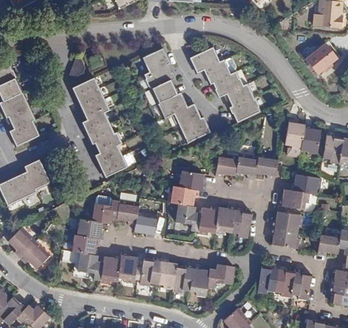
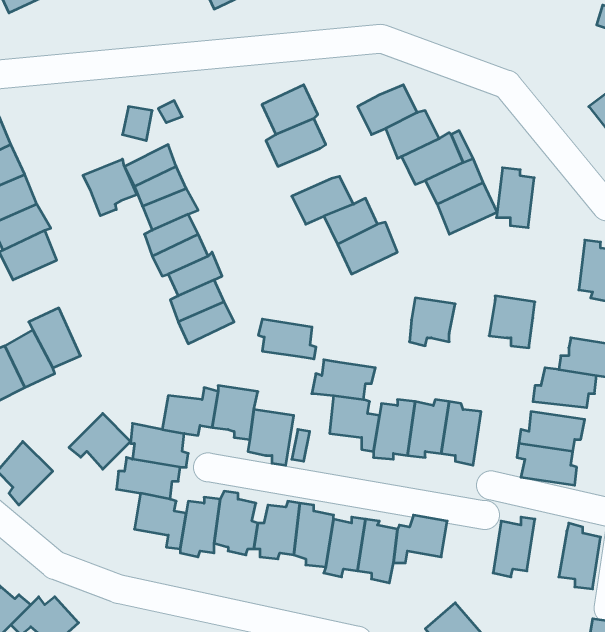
building: [149,79,176,103] -> none
building: none -> [83,159,137,216]
building: [284,120,303,150] -> [496,168,534,228]
building: [235,152,258,179] -> none
building: [176,170,205,190] -> [258,319,316,359]
building: [19,241,50,269] -> [69,413,131,469]
building: [274,265,294,298] -> none

